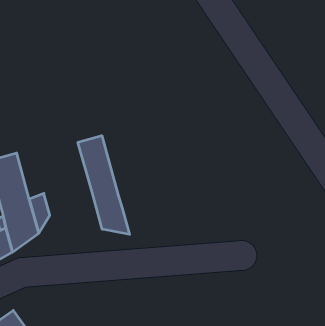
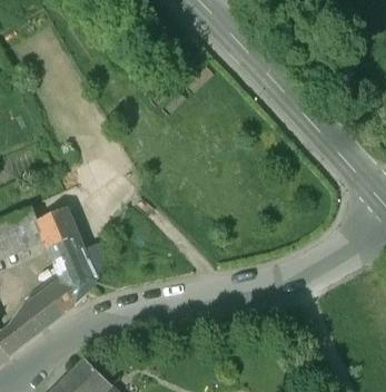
building: [78,136,130,234] -> none

